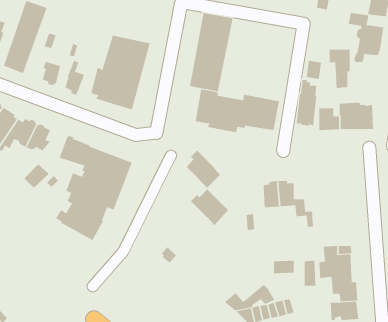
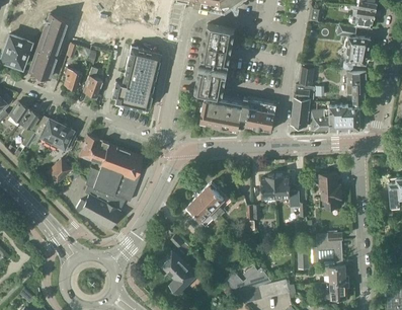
building: [329,49,350,89] -> [347,73,367,108]
building: [186,150,221,189] -> [186,193,218,228]
building: none -> [315,172,342,208]
building: none -> [161,248,195,293]

